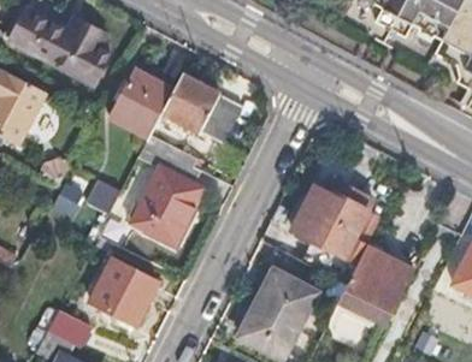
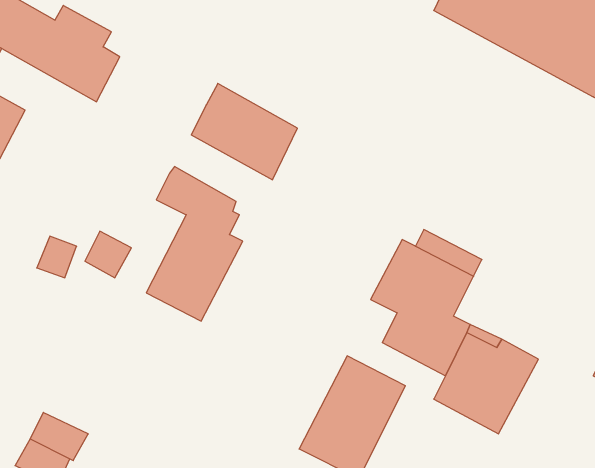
building: [108,69,175,137] -> none
building: [90,257,159,324] -> none

